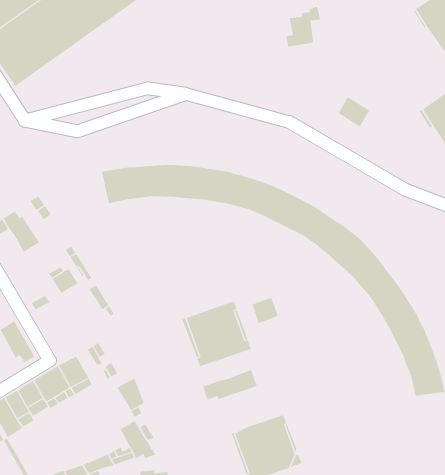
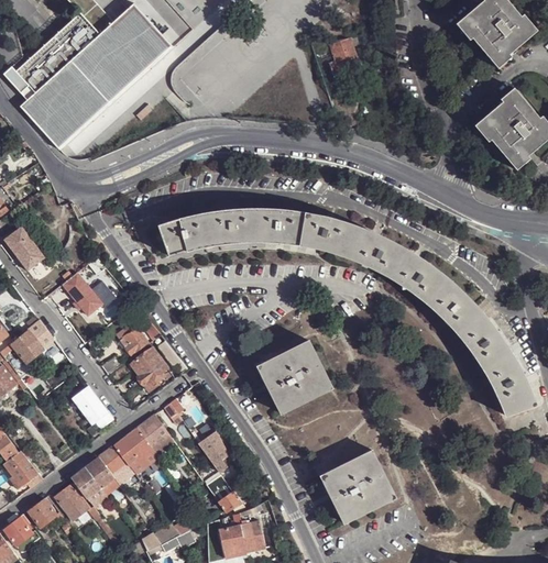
building: [338,96,370,127] -> none
building: none -> [131,346,166,390]
building: [252,297,278,324] -> none
building: [203,369,258,400] -> none

